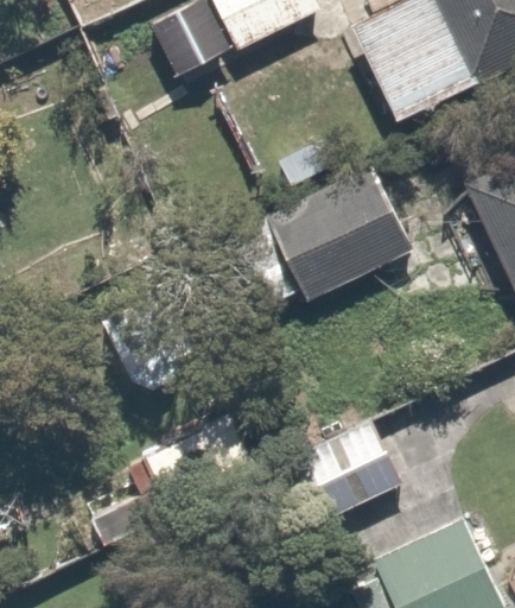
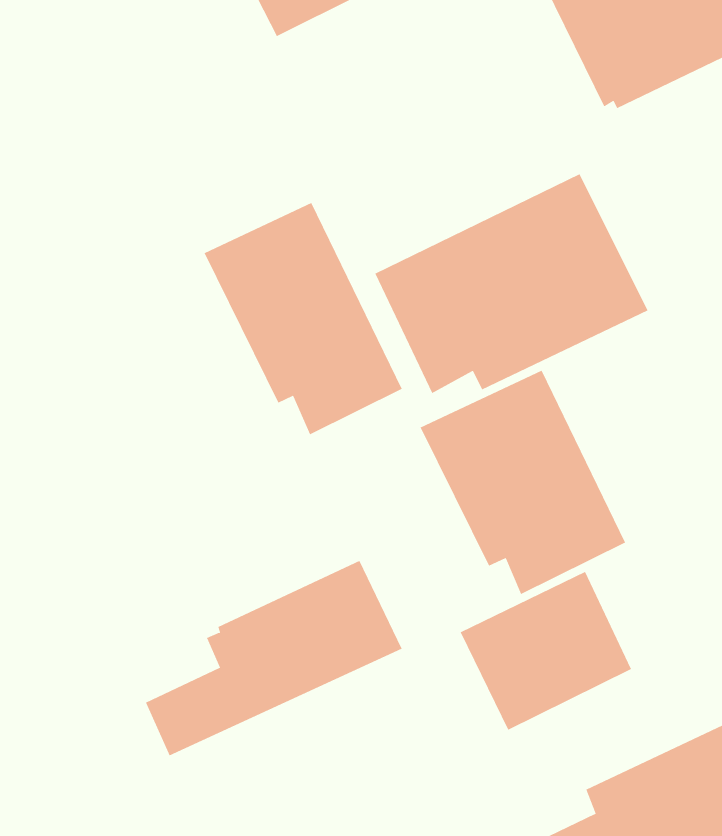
building: none -> [204,202,402,435]
building: none -> [420,370,626,595]

